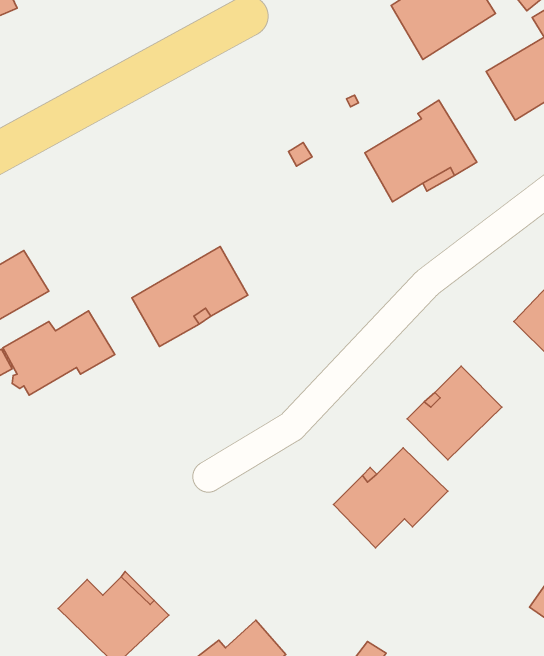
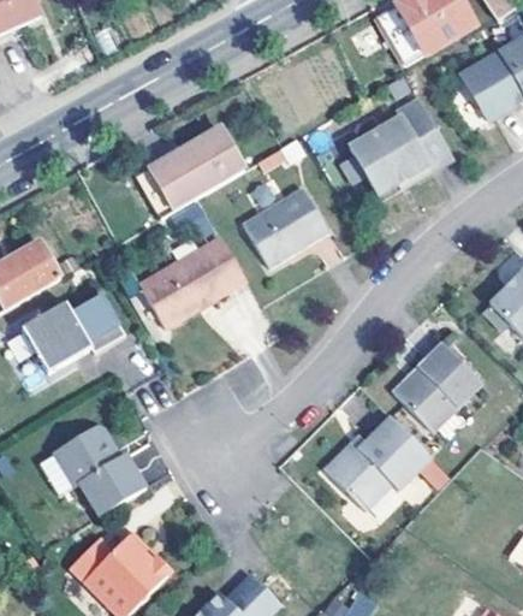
building: none -> [141,125,246,214]
building: none -> [248,184,331,261]
building: none -> [55,428,148,517]

